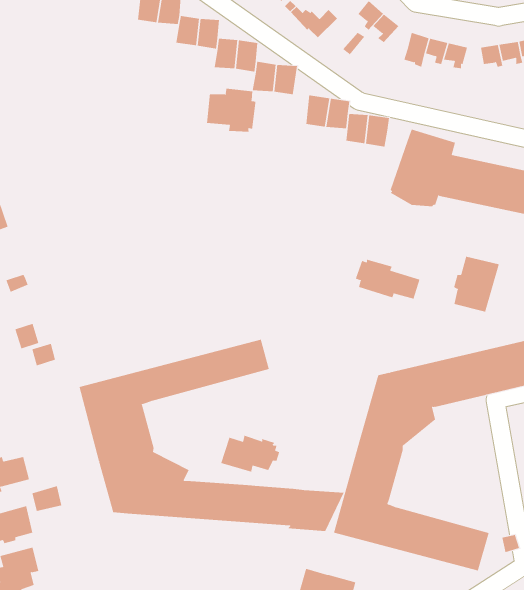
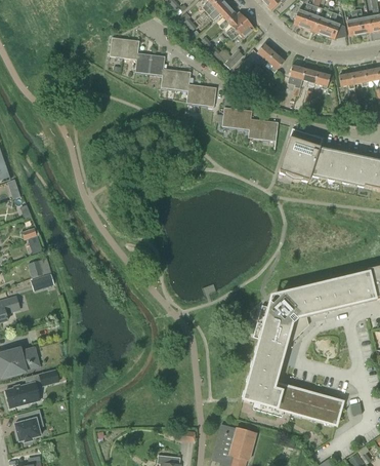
building: [206,88,256,133] -> none
building: [454,256,499,313] -> none
building: [356,259,420,300] -> none
building: [79,339,345,532] -> none
building: [221,435,280,472] -> none

